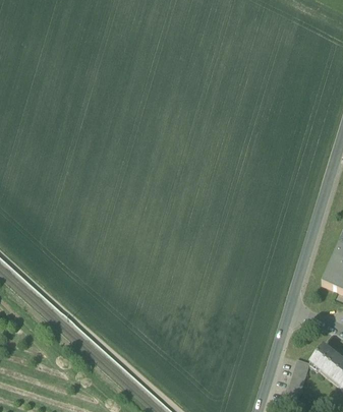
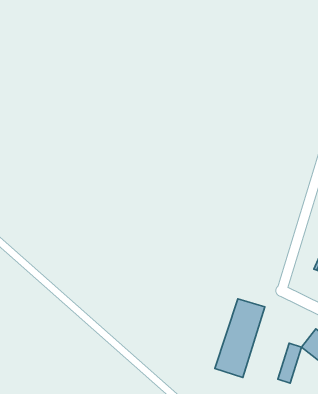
building: none -> [215,299,265,377]

